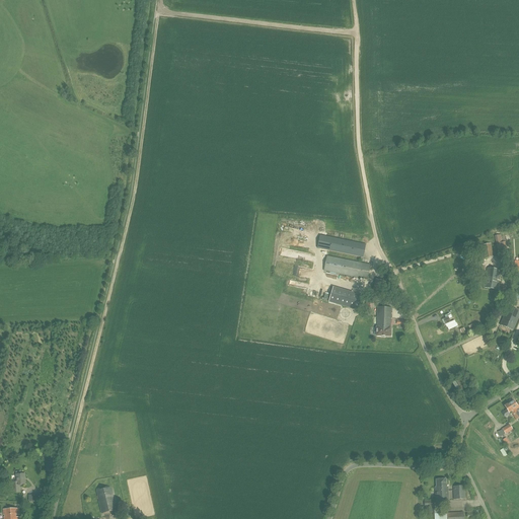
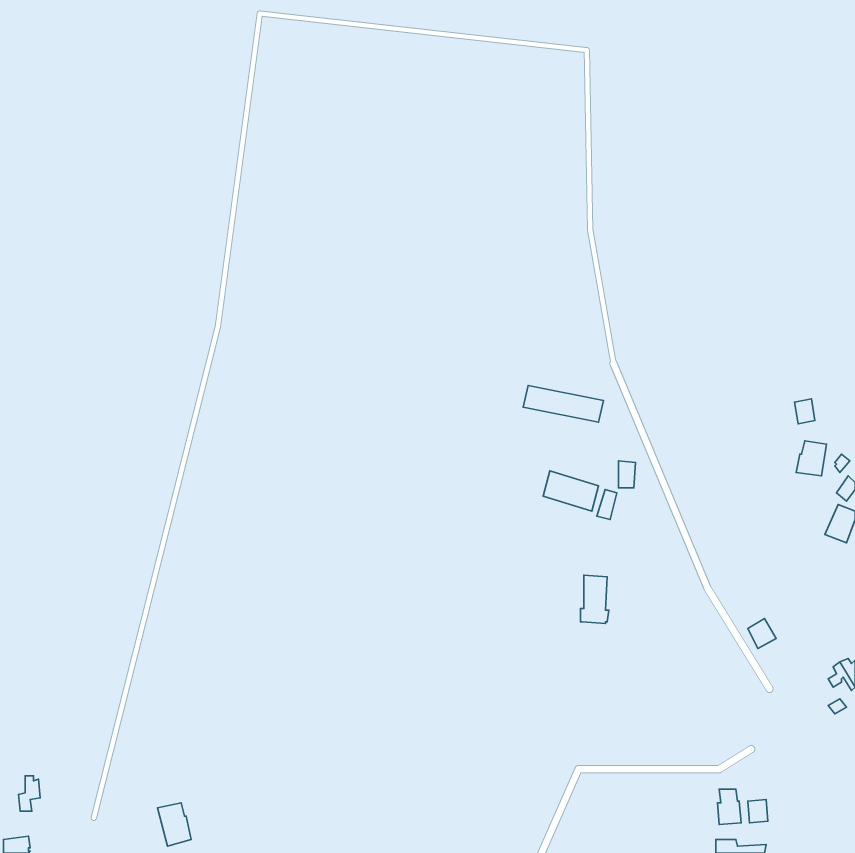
building: [323,254,369,278] -> none
building: [374,305,391,335] -> [580,575,609,624]

